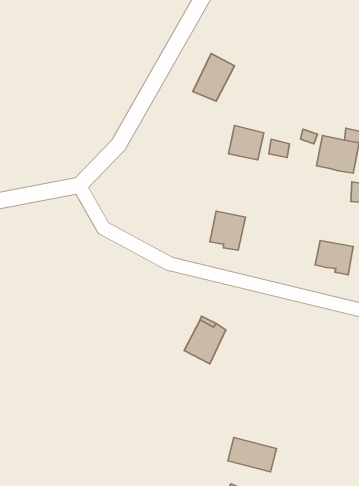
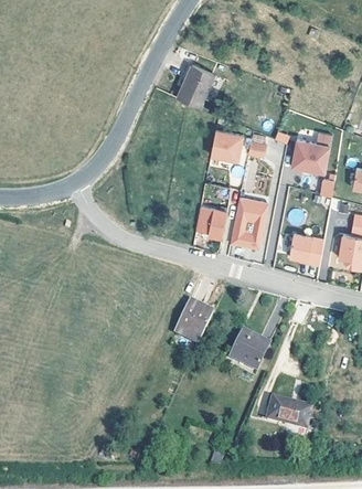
building: none -> [230,196,267,247]
building: none -> [227,330,265,369]
building: [228,437,277,472] -> [265,397,309,428]

